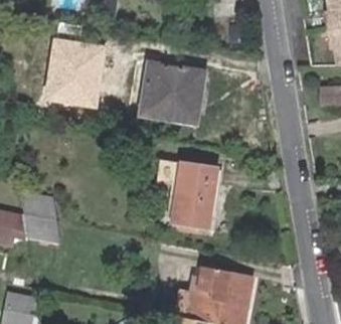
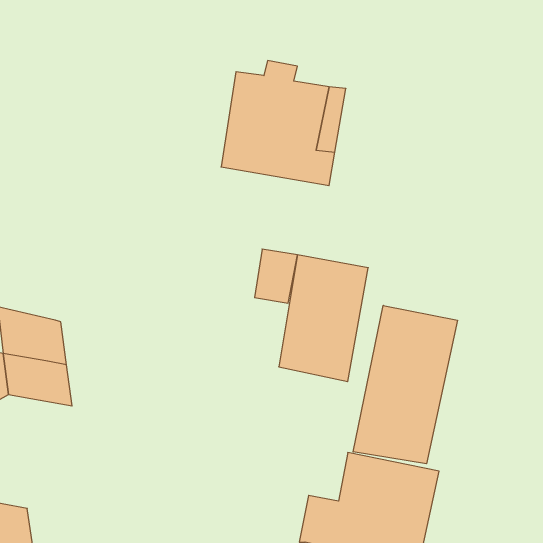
building: [45,39,107,109] -> none
building: none -> [353,305,457,464]

